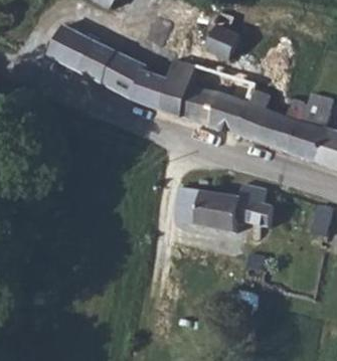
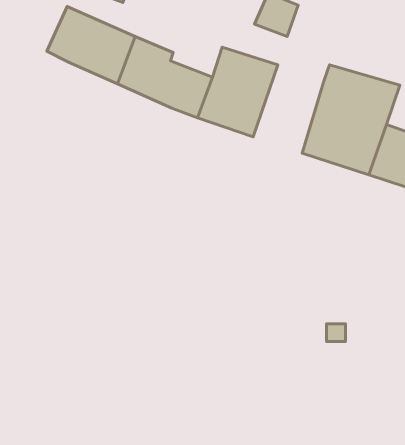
building: [201,70,254,136] -> none
building: [178,184,279,241] -> none

